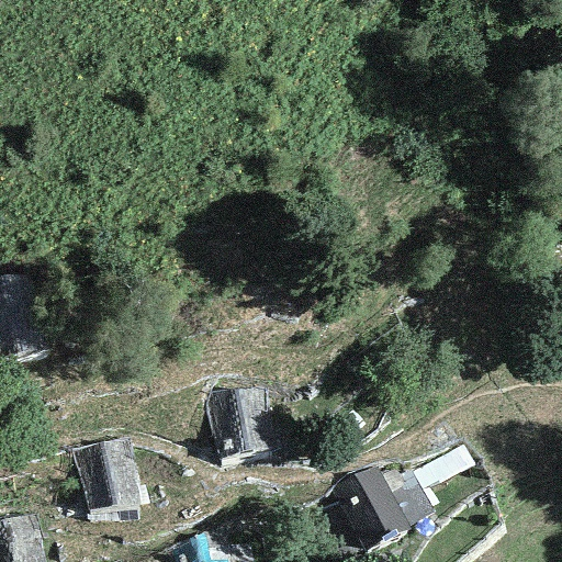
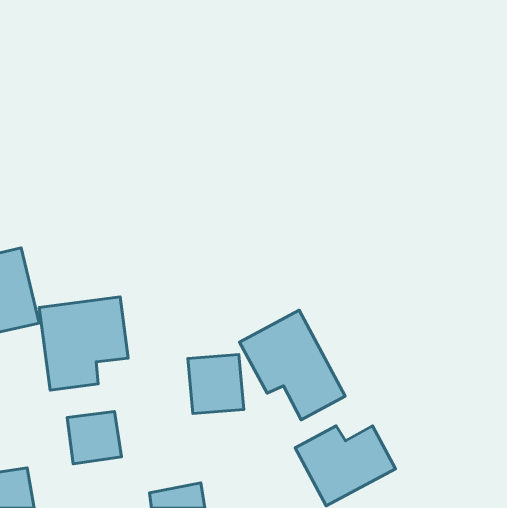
building: none -> [39,297,128,390]
building: none -> [240,310,345,420]

